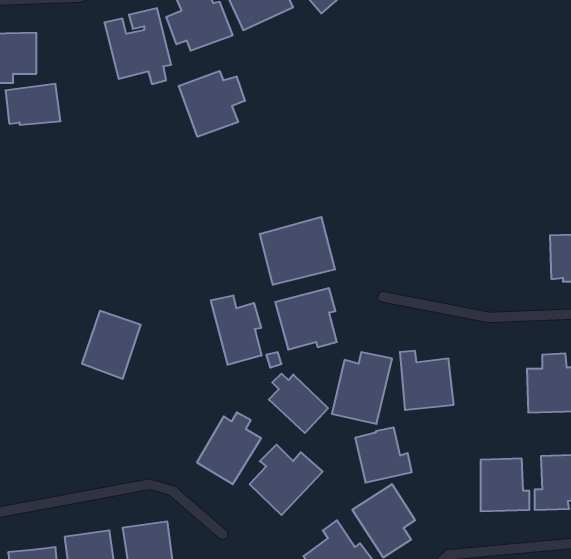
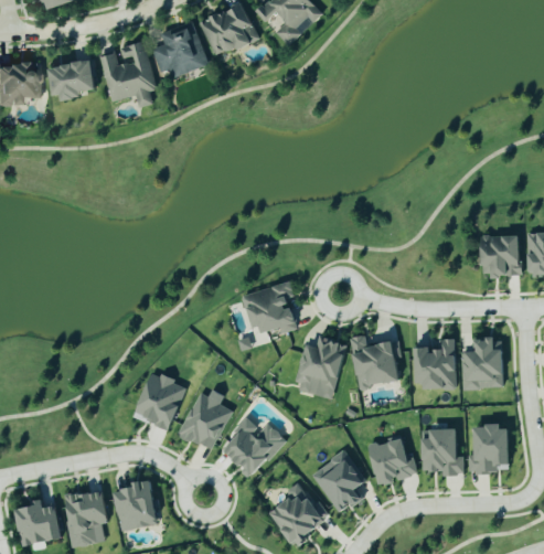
building: [179,71,245,137] -> none
building: [5,84,61,125] -> [49,61,96,96]
building: [260,217,335,285] -> none
building: [211,295,262,365] -> none
building: [82,311,141,379] -> [135,372,185,430]
building: none -> [415,339,456,387]
building: [269,374,328,433] -> none
building: [355,427,412,483] -> [369,436,417,483]

